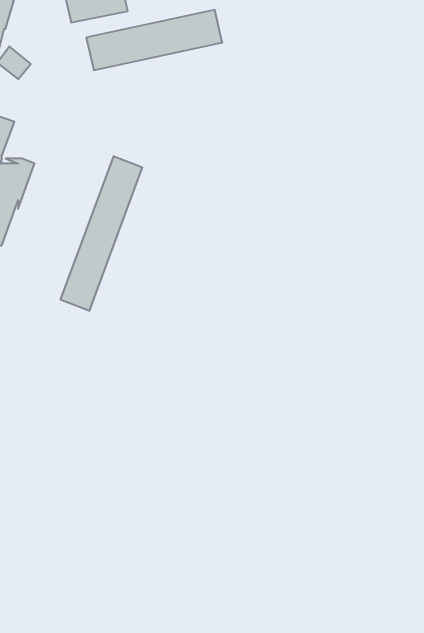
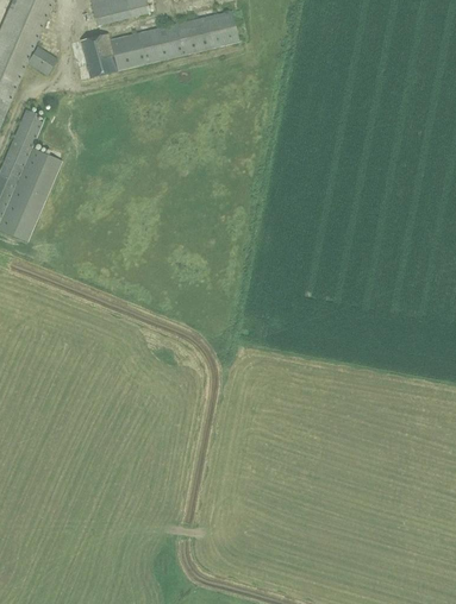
building: none -> [79,36,114,80]
building: [61,156,142,311] -> none

